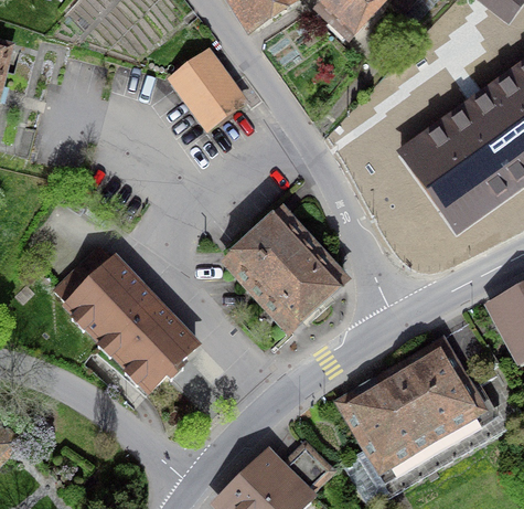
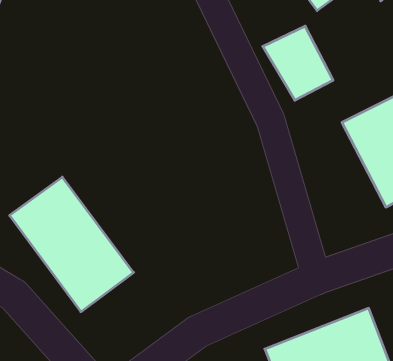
building: [171,49,252,129] -> [263,26,333,100]
building: [220,208,349,333] -> none

